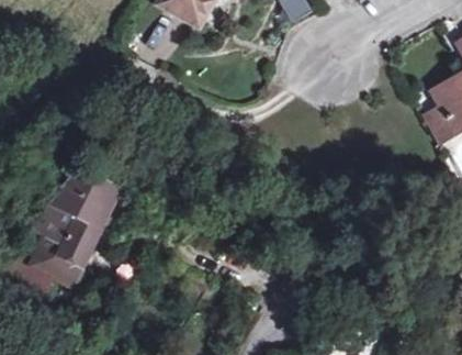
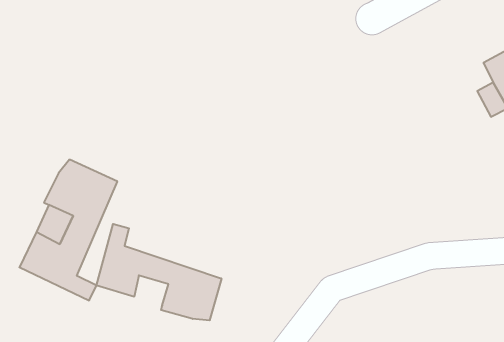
building: none -> [97,224,221,320]

